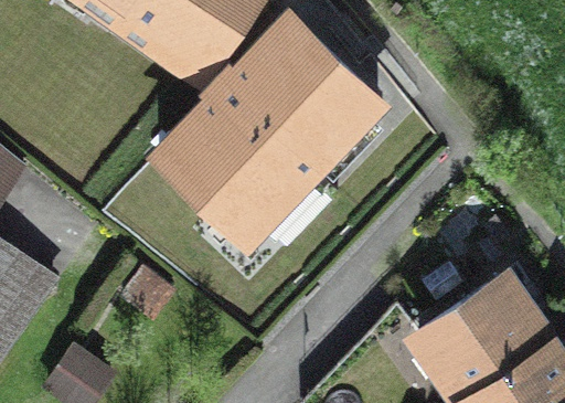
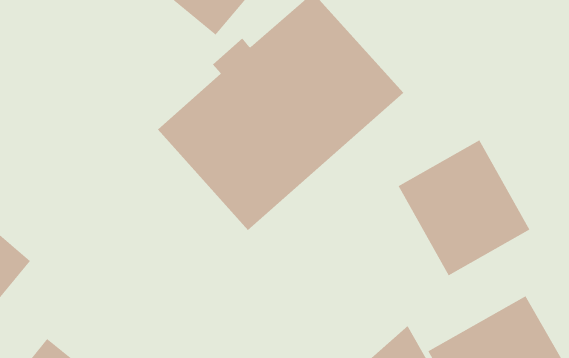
building: none -> [398,140,530,276]

